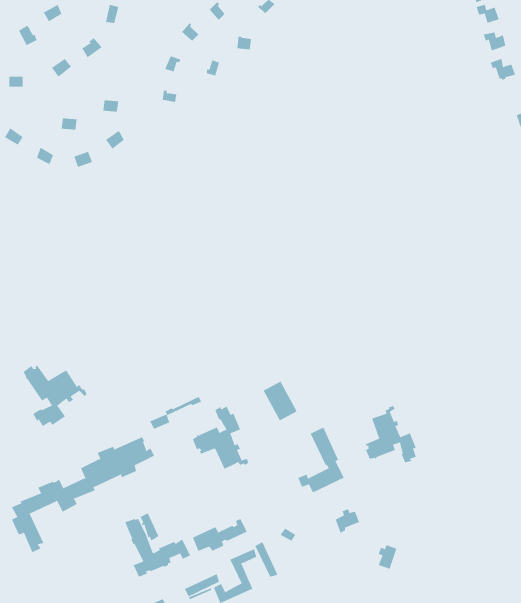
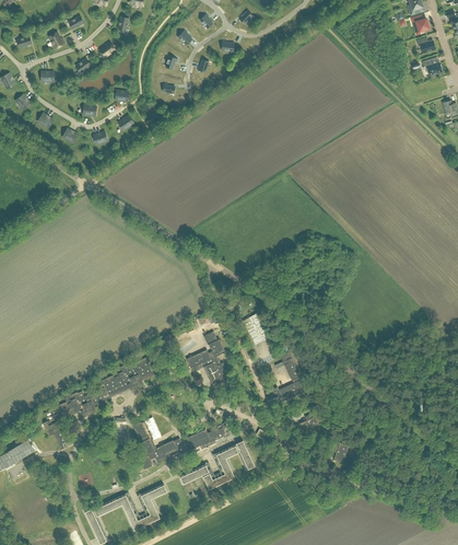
building: [23,365,87,427] -> none
building: [365,406,417,463] -> none

